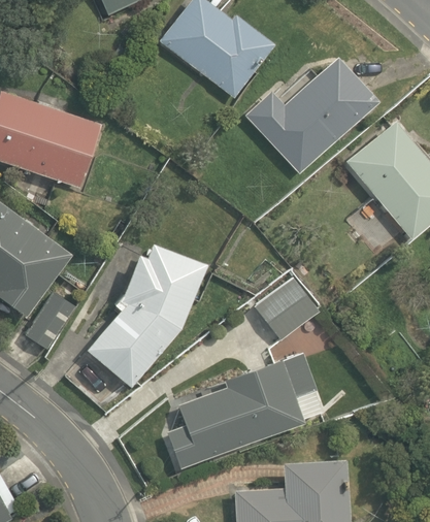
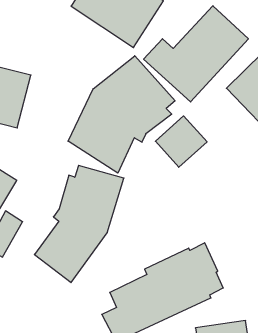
building: none -> [68,56,175,173]
building: [254,278,319,341] -> [155,116,207,167]

